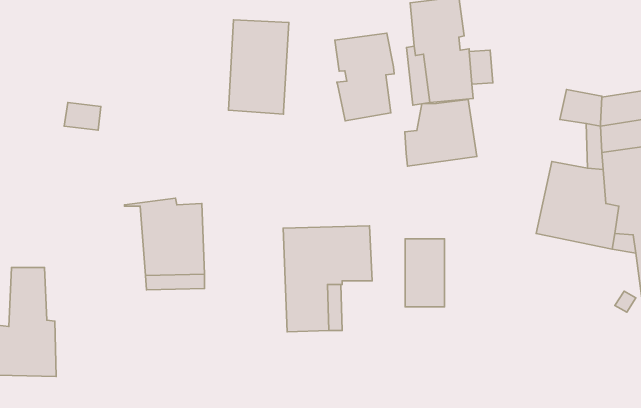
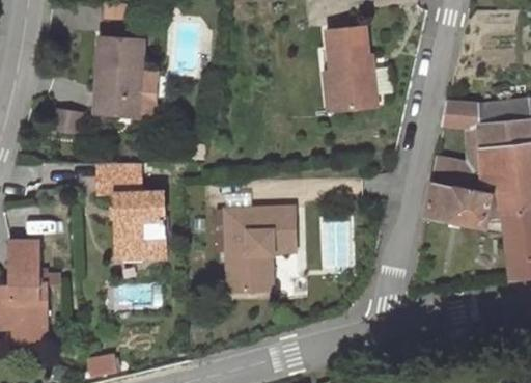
building: [228,20,289,114] -> [95,39,143,114]
building: [335,33,394,121] -> none
building: [405,100,477,166] -> none
building: none -> [100,162,141,191]

